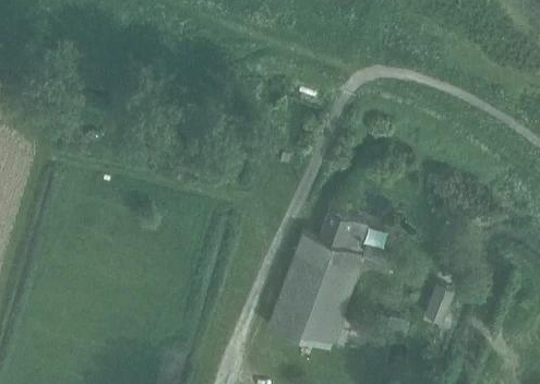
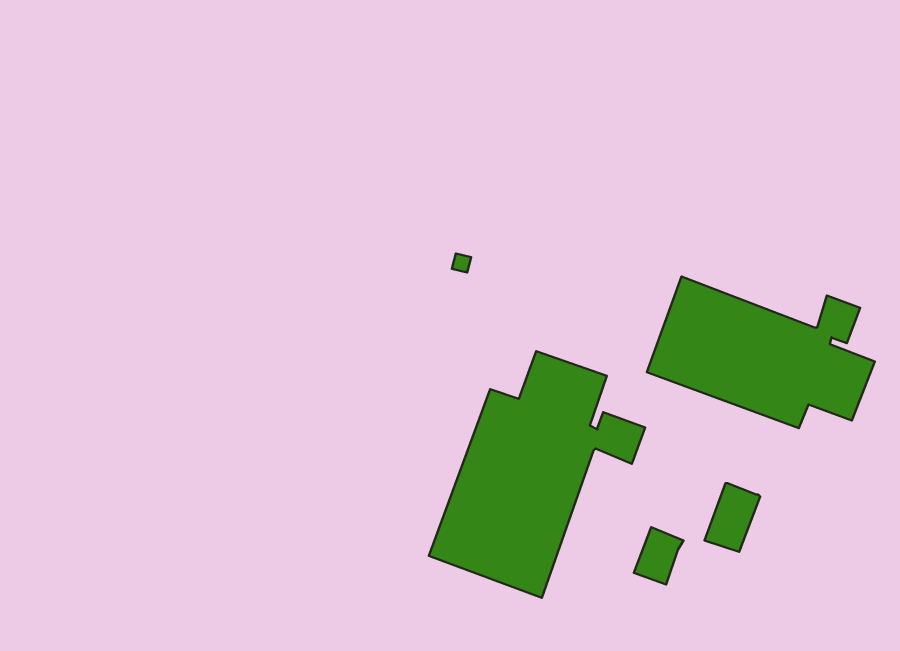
building: none -> [647,277,875,428]

